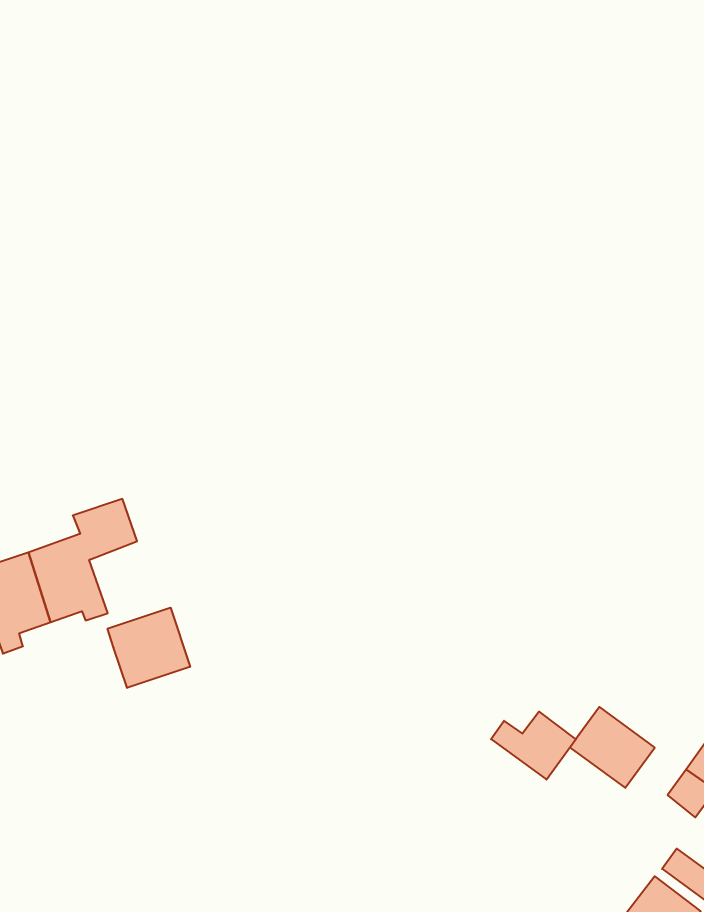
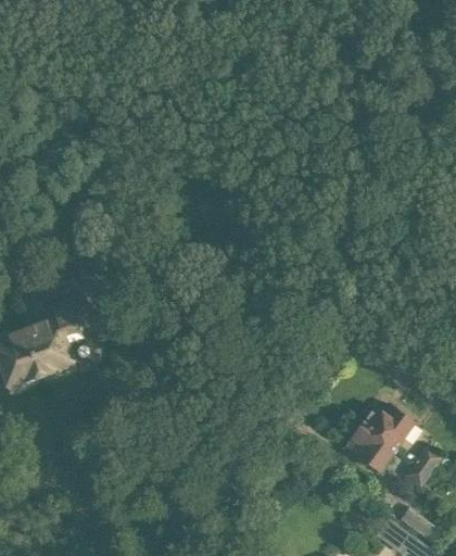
building: [108,608,190,688] -> none
building: [491,712,576,780] -> [362,407,411,447]

